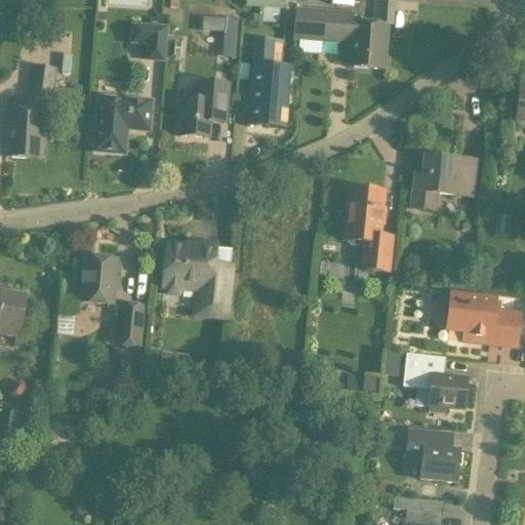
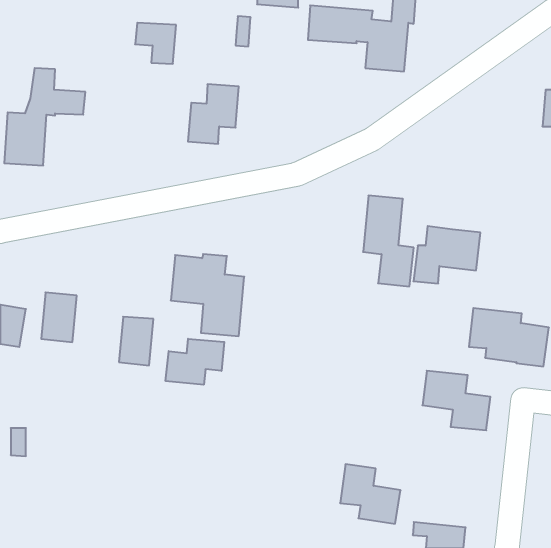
building: [248,47,291,125] -> none
building: [96,97,150,151] -> none
building: [411,154,475,208] -> [413,226,480,283]
building: [82,255,116,302] -> [41,292,77,342]
building: none -> [166,339,224,385]
building: [403,426,460,482] -> [340,464,401,524]

